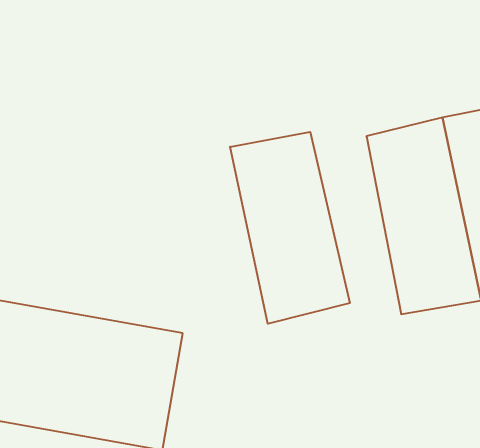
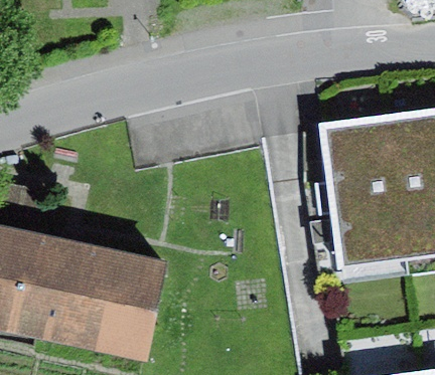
building: [230,132,350,324] -> none

